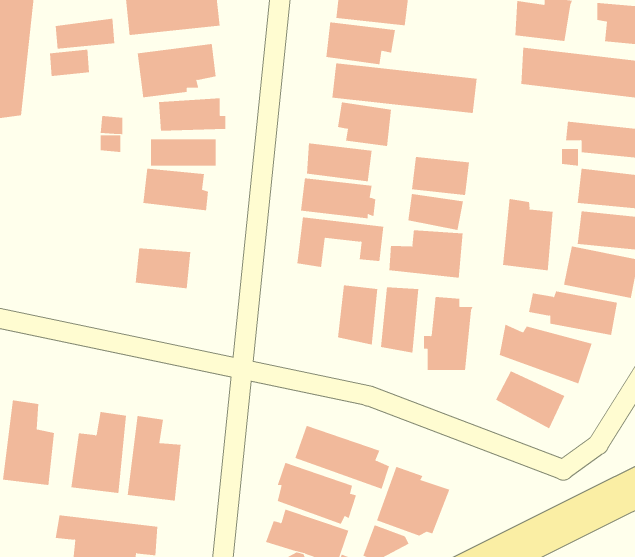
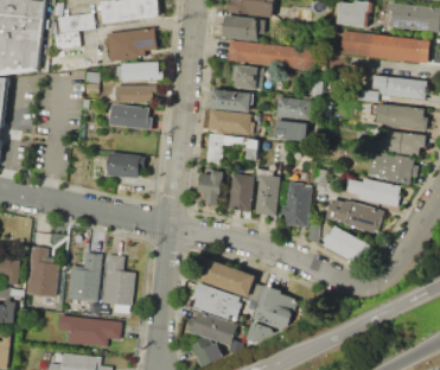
building: [502,198,553,271] -> none
building: [389,230,463,279] -> none
building: none -> [195,171,223,208]

